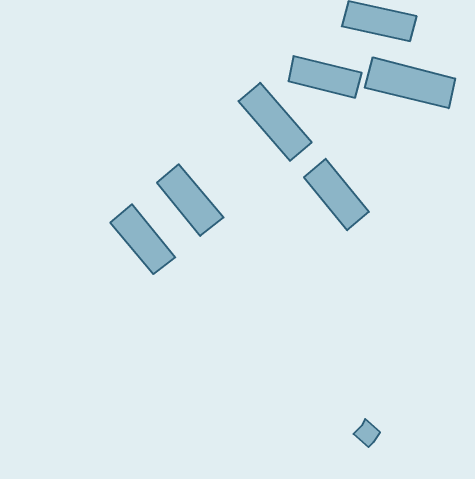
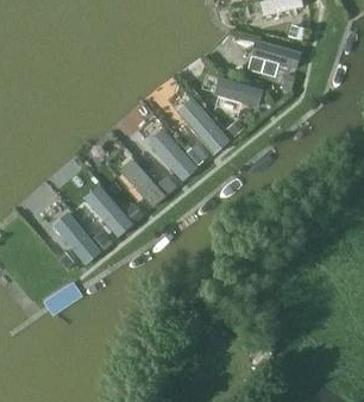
building: [365,57,455,108] -> none
building: [304,159,369,230] -> [148,131,194,182]
building: none -> [55,212,101,263]

